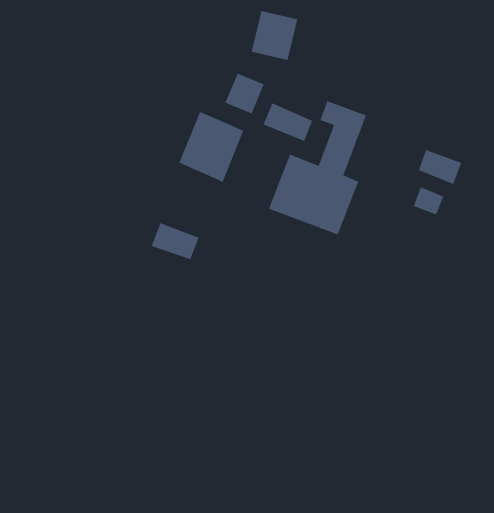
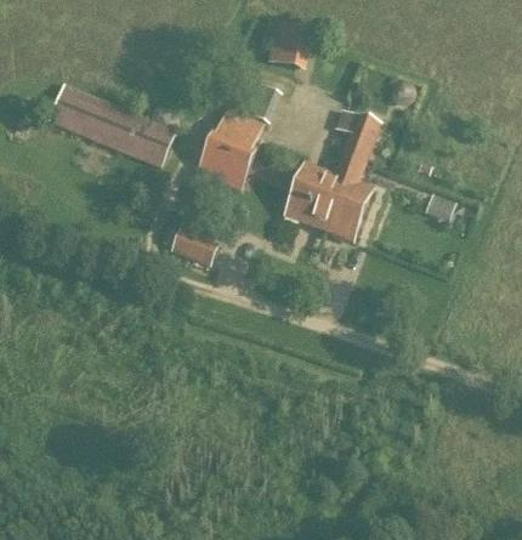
building: none -> [46,84,175,166]
building: [263,102,313,142] -> none
building: [418,149,462,185] -> none

